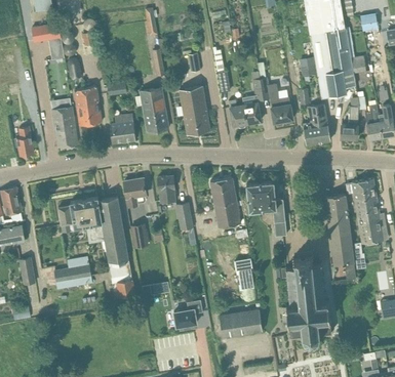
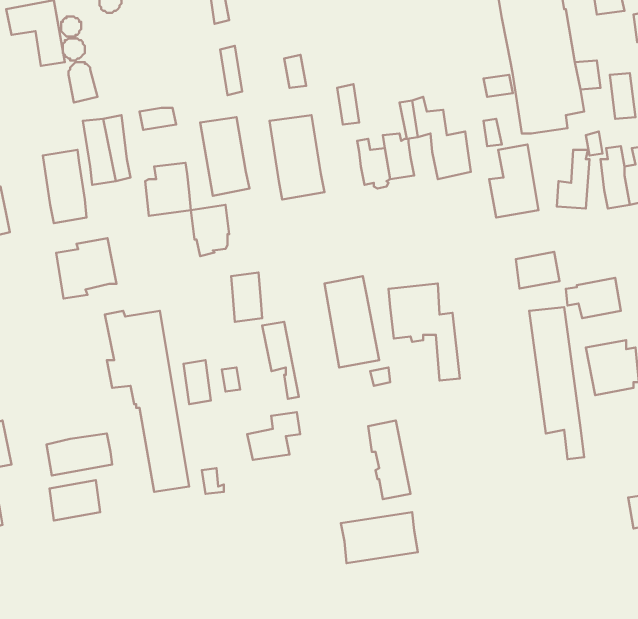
building: [124,178,146,207] -> [191,205,229,256]
building: [355,197,380,217] -> [516,252,560,288]
building: [58,199,92,233] -> [56,238,117,299]
building: [281,256,332,342] -> none
building: none -> [50,480,100,521]
building: [173,300,203,327] -> [247,412,300,460]

